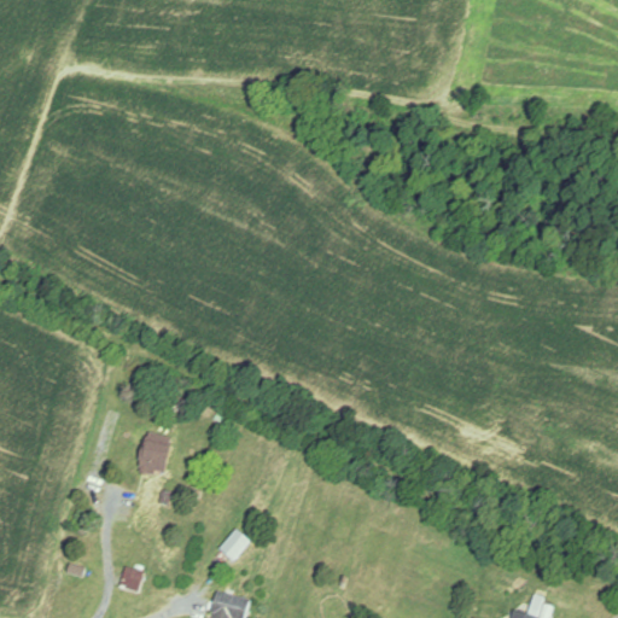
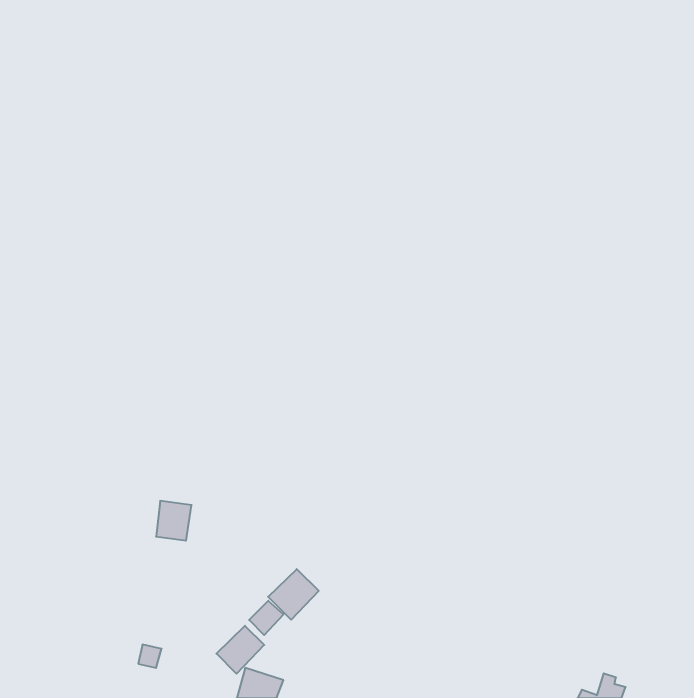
building: none -> [268,569,319,620]
building: none -> [216,626,264,674]

